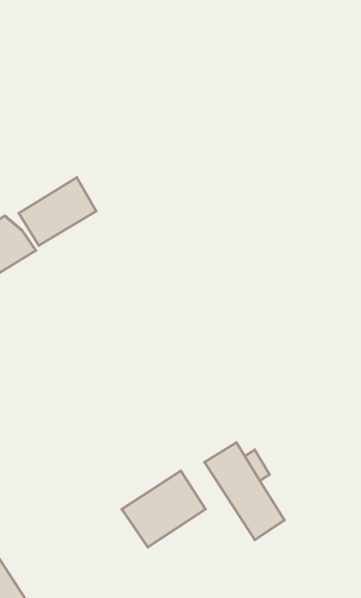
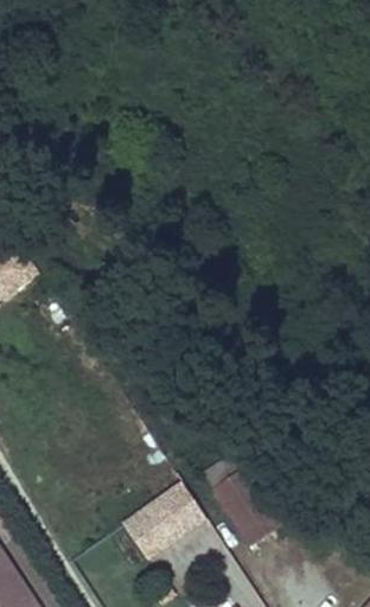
building: [19,178,96,246] -> none

